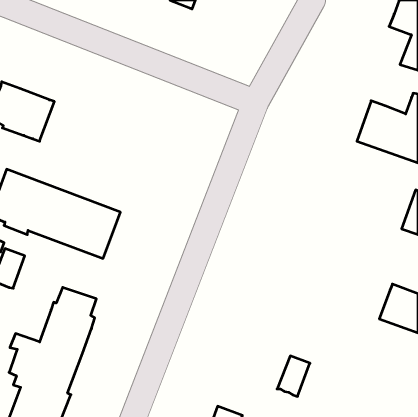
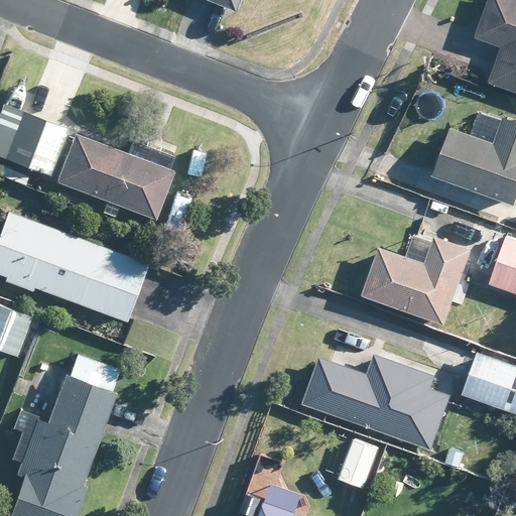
building: none -> [55,133,174,222]
building: none -> [365,235,474,326]
building: none -> [326,358,447,431]

